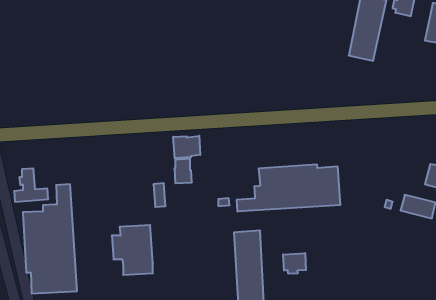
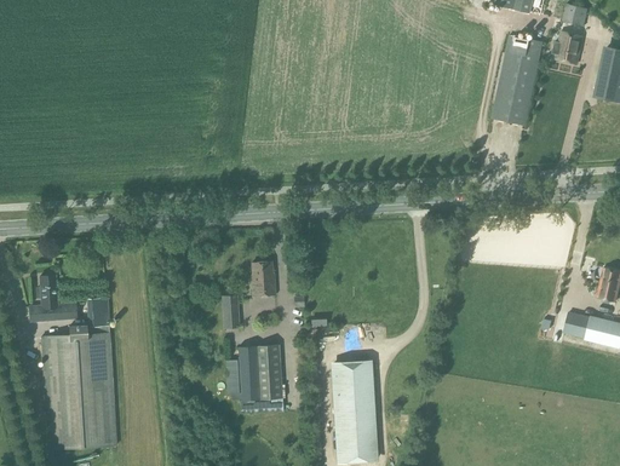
building: [173,136,200,158] -> none
building: [237,164,340,212] -> none
building: [112,225,153,275] -> [226,344,283,413]
building: [283,253,306,274] -> none

